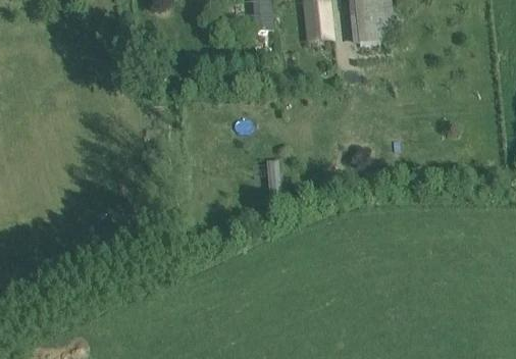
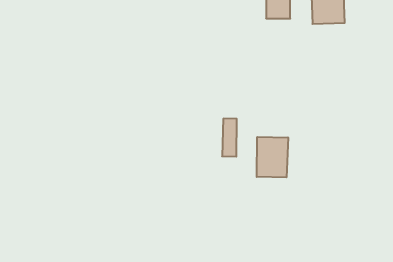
building: none -> [257,137,288,177]

